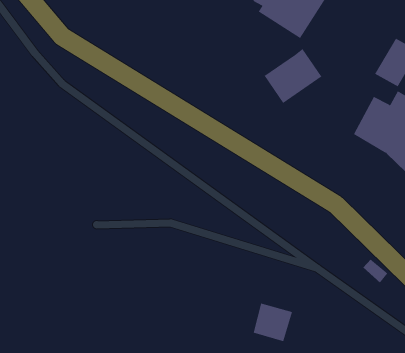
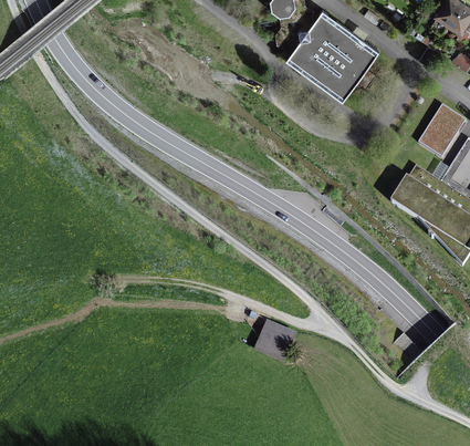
building: [264,48,322,104] -> none
building: [253,303,293,342] -> [253,318,296,360]

